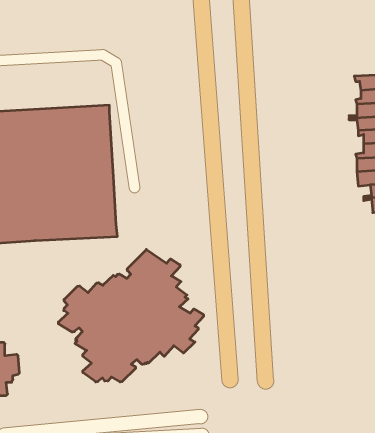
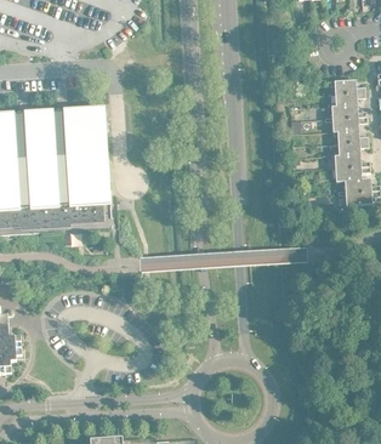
building: [58,249,203,382] -> none

